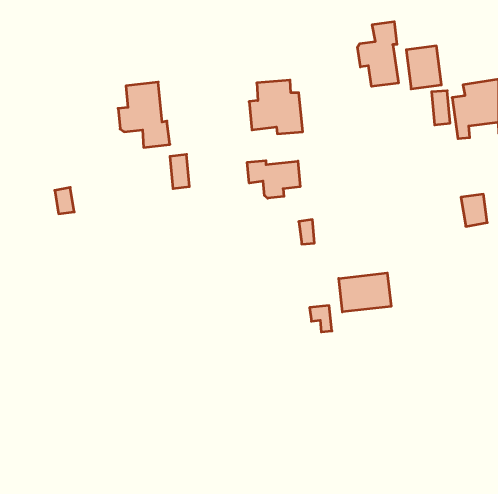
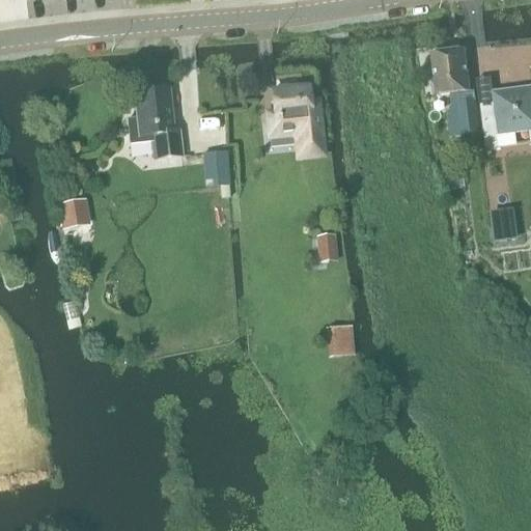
building: [357,22,398,86] -> none
building: [170,154,189,189] -> [211,148,231,185]
building: [247,161,300,198] -> none
building: [339,273,391,312] -> none

